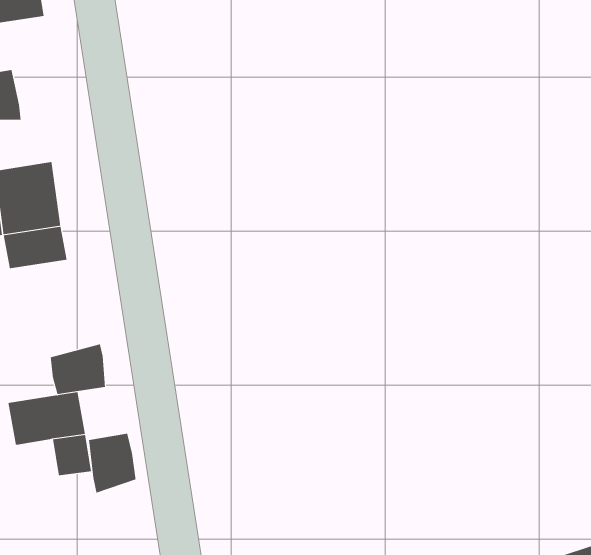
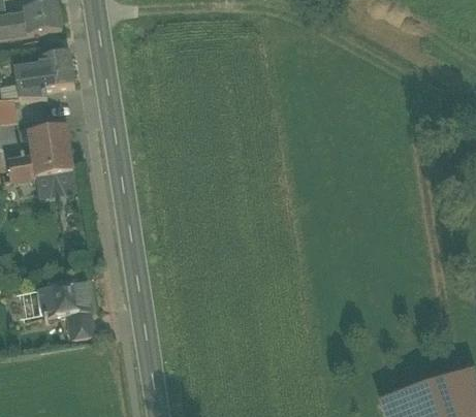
building: none -> [39,49,74,87]
building: [50,343,106,395] -> none
building: [88,433,136,494] -> none

